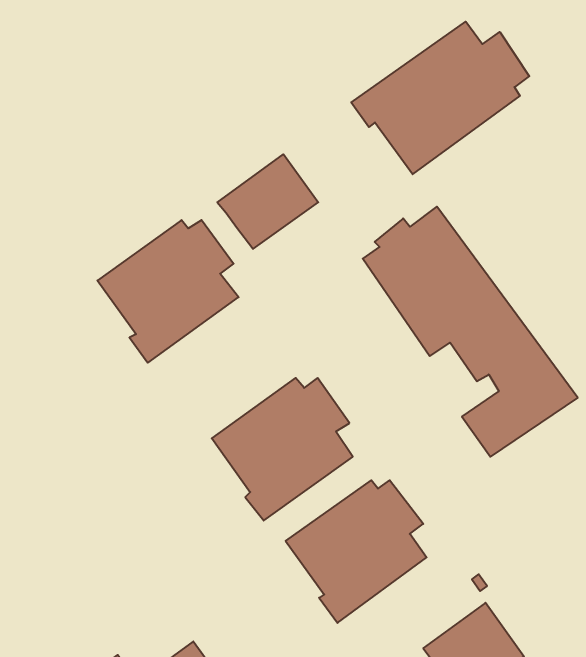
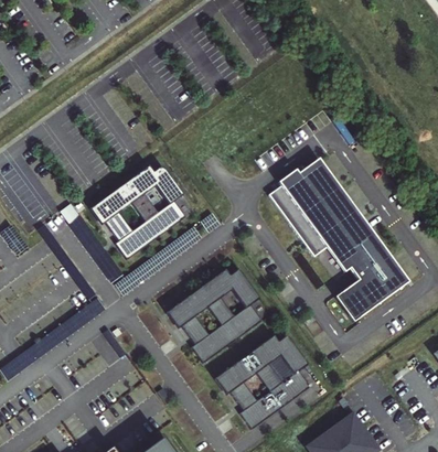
building: [351,22,529,174] -> none
building: [217,154,318,249] -> none

